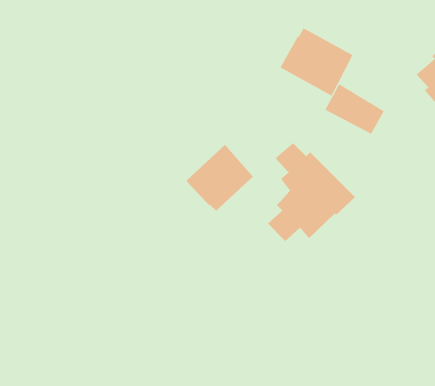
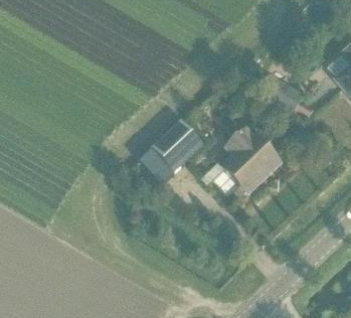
building: [280,28,353,96] -> none
building: none -> [139,149,174,184]

